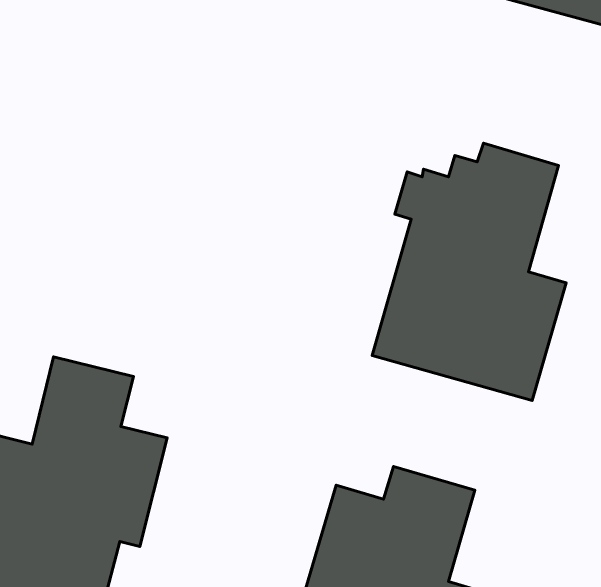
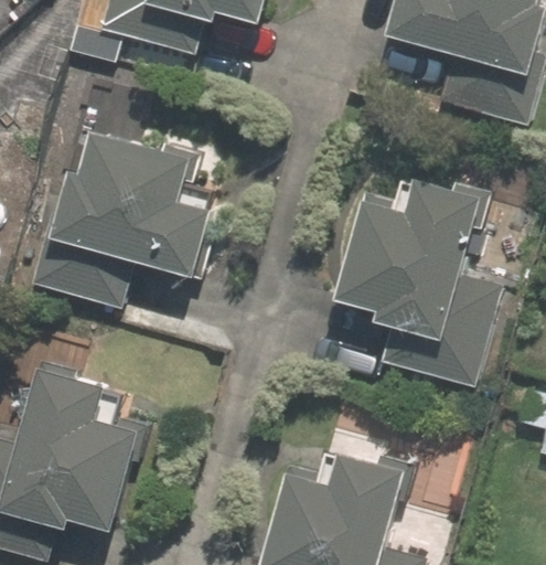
building: none -> [75,125,233,276]

